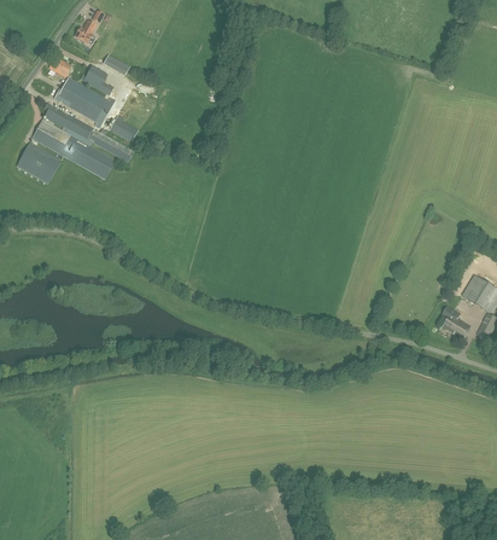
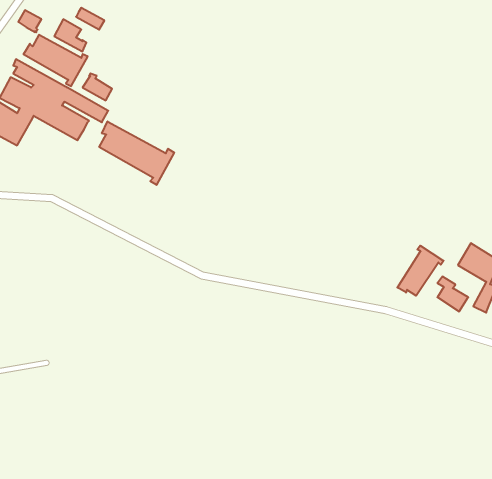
building: none -> [99,121,174,185]
building: none -> [397,246,444,296]

